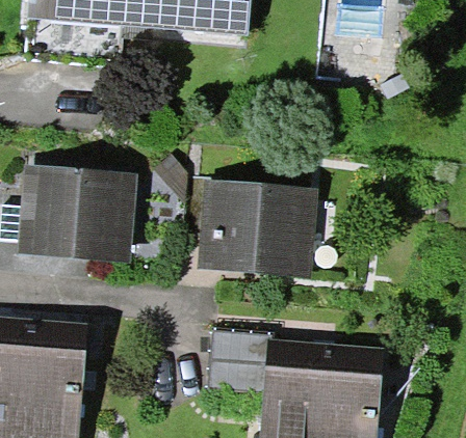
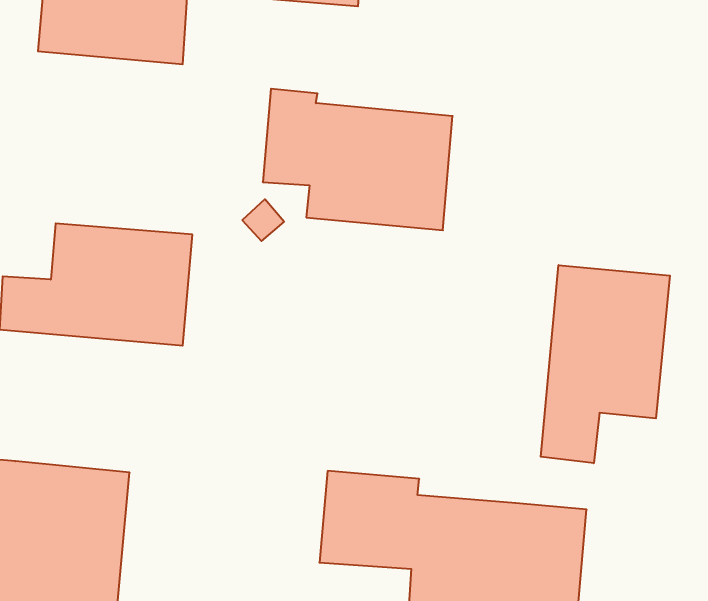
building: [186,180,309,271] -> [263,89,453,230]
building: none -> [541,265,670,463]

